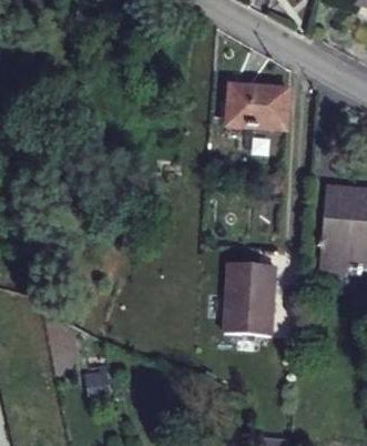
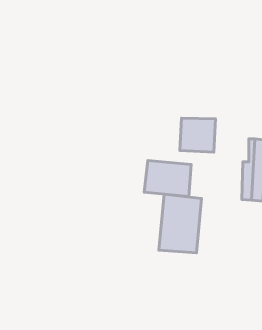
building: [243,87,288,130] -> [180,118,216,152]
building: none -> [144,160,191,196]

